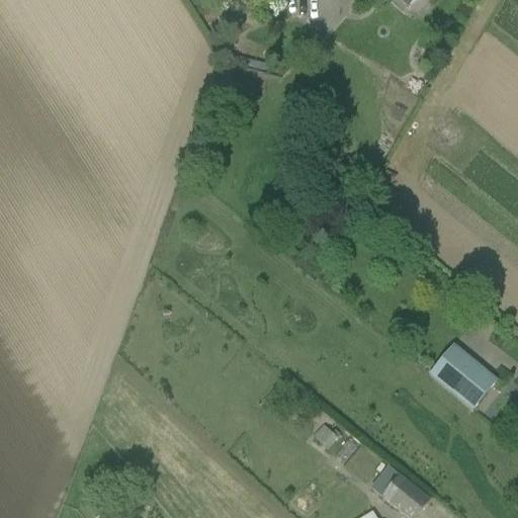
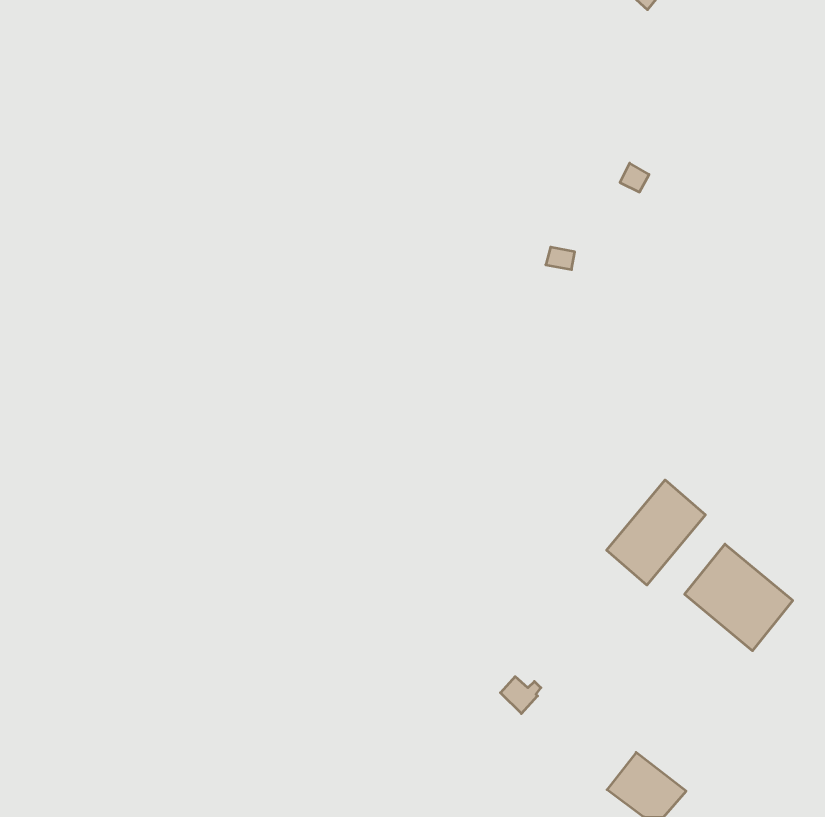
building: none -> [607,480,705,585]

